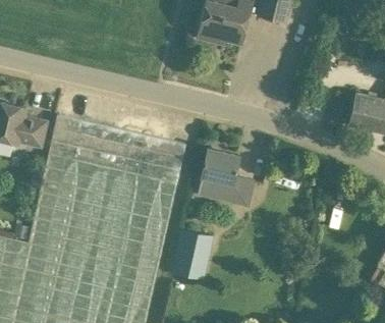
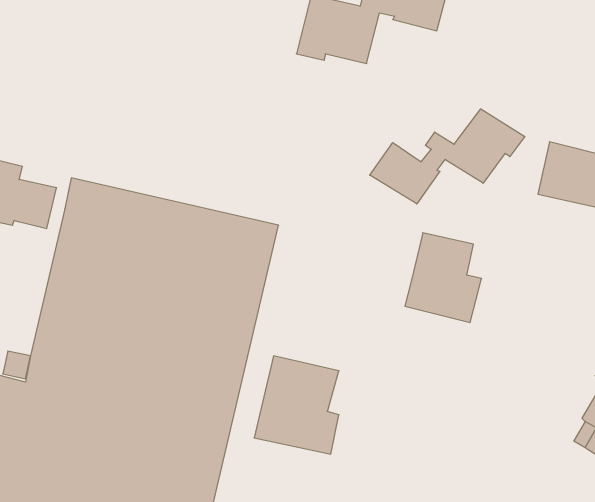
building: none -> [370,109,525,204]
building: [196,149,243,205] -> [405,233,482,323]

